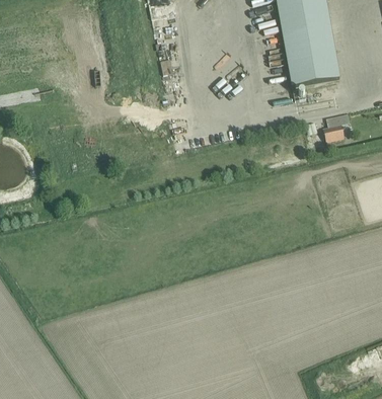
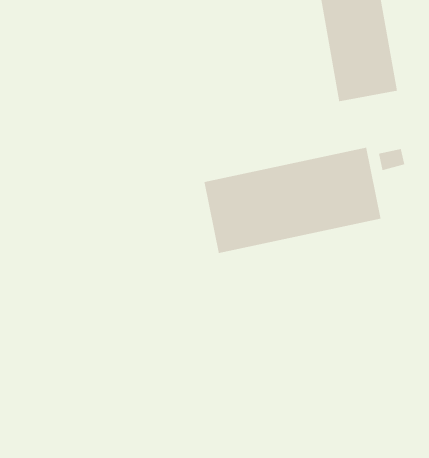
building: none -> [204,147,381,254]

